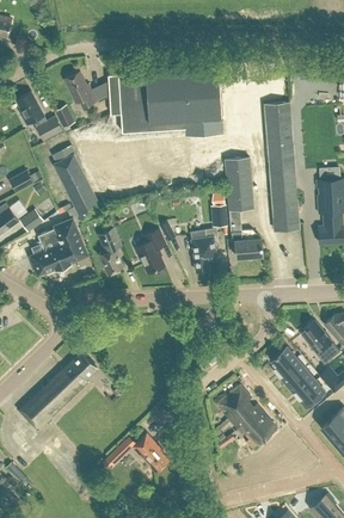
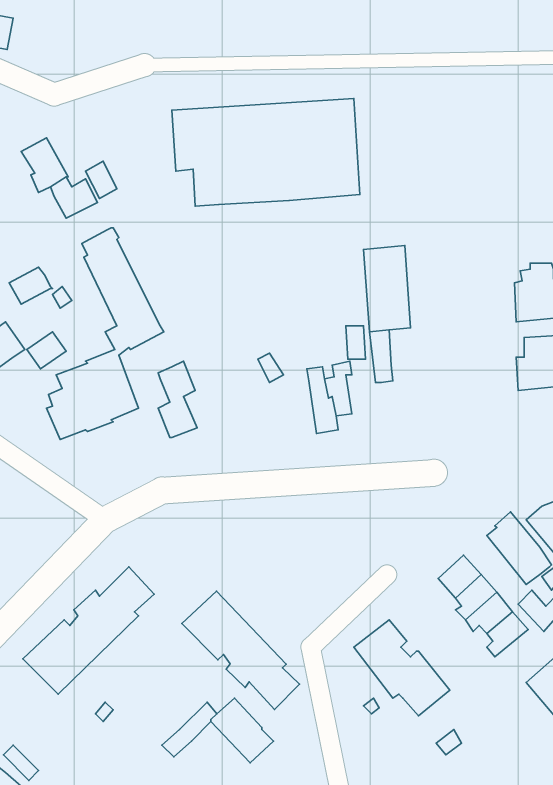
building: [64,72,97,109] -> none
building: [264,101,299,228] -> none
building: [135,230,165,273] -> none
building: [235,230,263,258] -> none
building: none -> [182,591,300,709]

